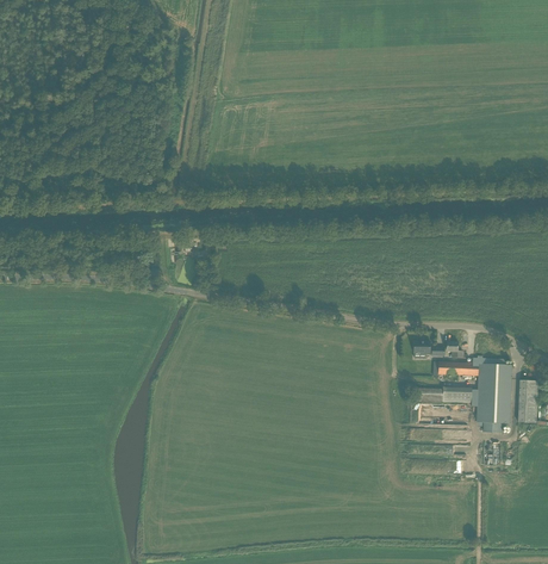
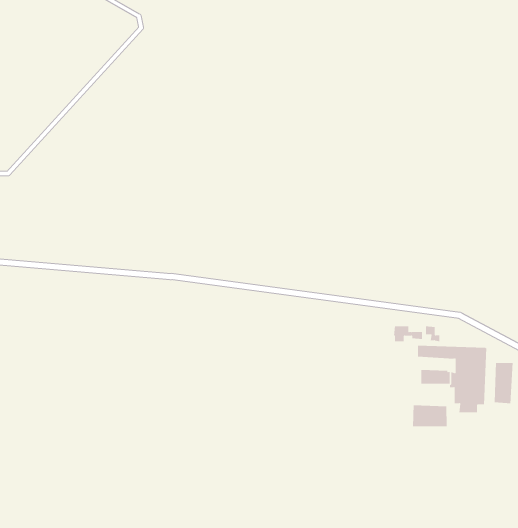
building: none -> [412,405,447,427]

